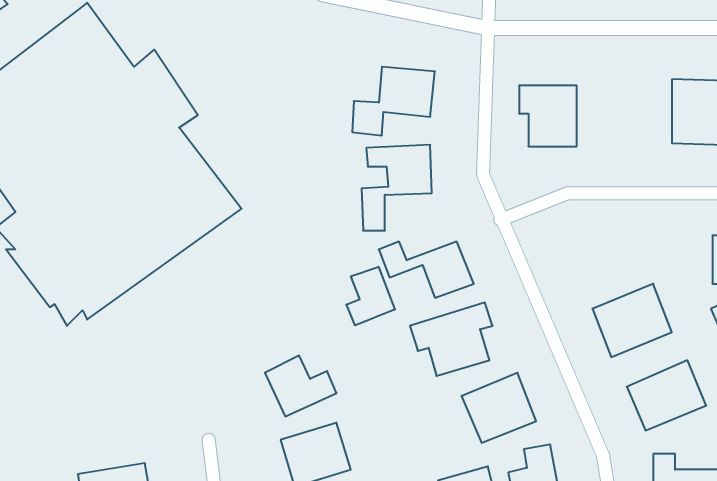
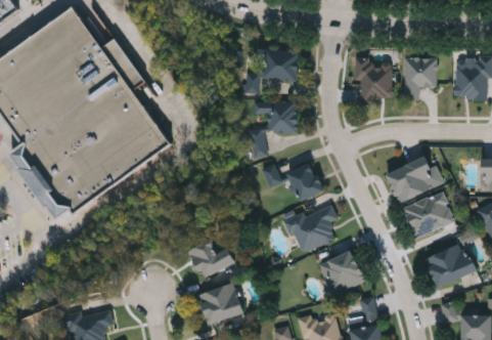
building: none -> [403,58,435,100]
building: none -> [386,156,441,203]
building: [346,267,395,325] -> none

